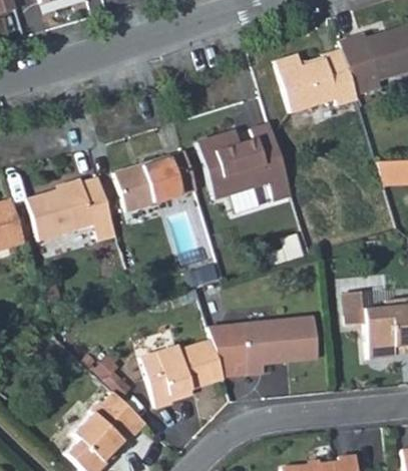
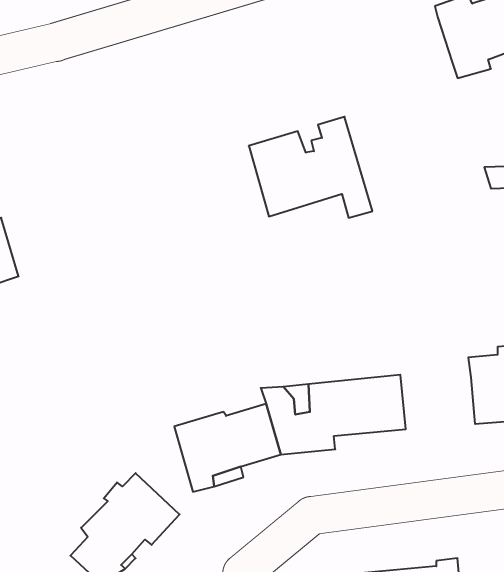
building: [275,48,358,112] -> none
building: [117,151,198,211] -> none
building: [29,176,116,240] -> none
building: [346,286,387,322] -> none

